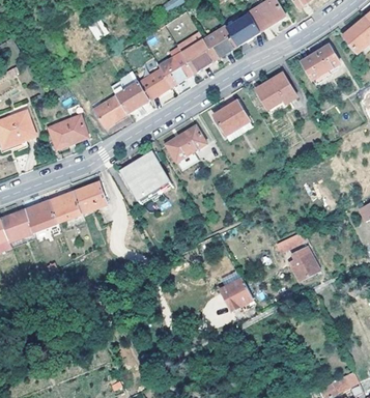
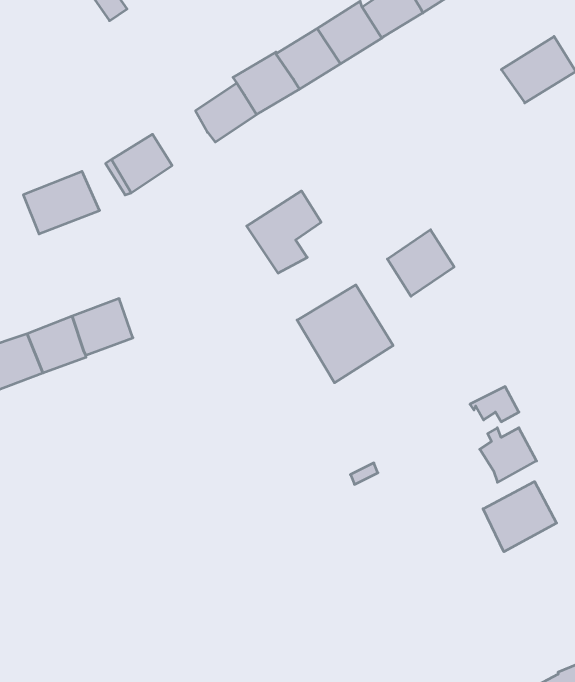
building: [256,73,296,112] -> none
building: [112,81,149,112] -> none
building: [214,99,249,135] -> [387,230,454,296]
building: [121,152,172,204] -> [297,285,393,383]
building: [219,277,253,310] -> none
building: none -> [483,482,557,552]

